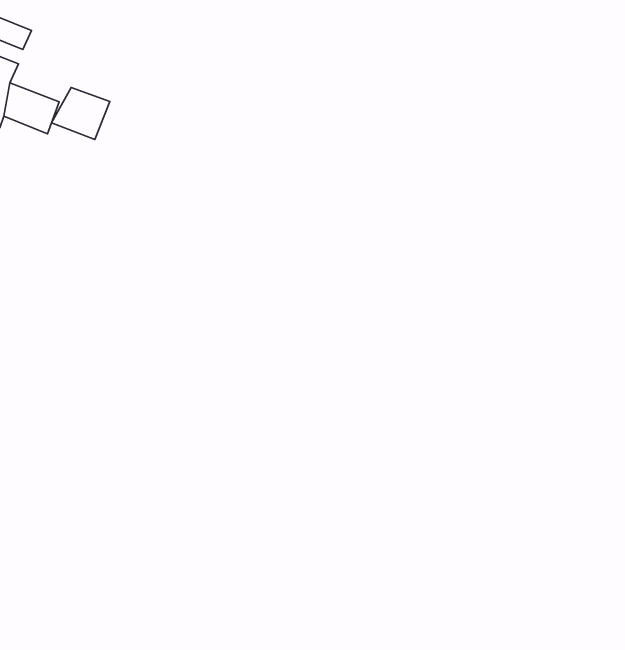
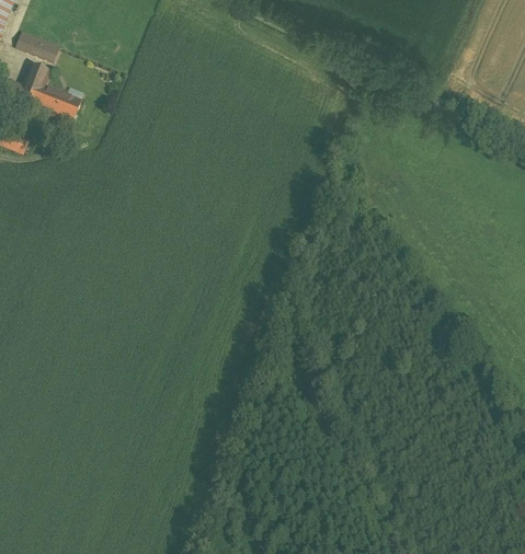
building: [52,87,110,139] -> none

